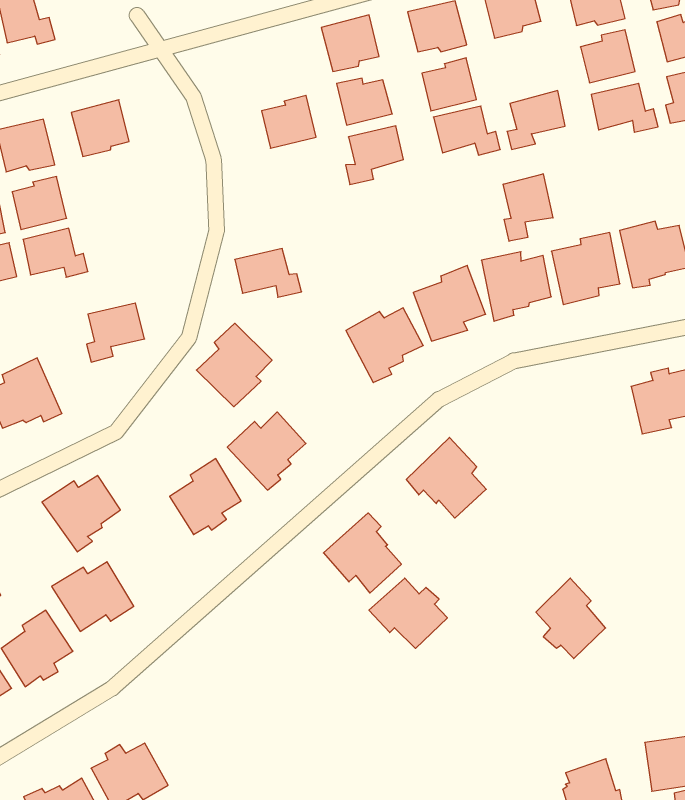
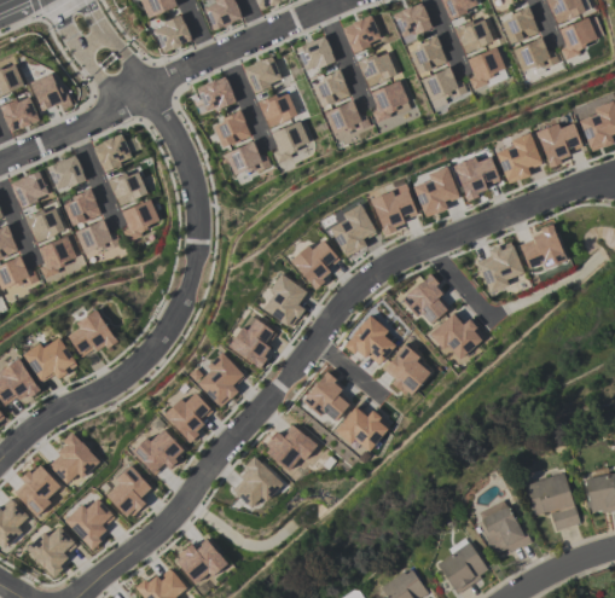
building: none -> [196,74,237,110]
building: none -> [356,53,395,86]
building: none -> [108,173,145,205]
building: [503,174,553,241] -> none
building: [235,249,302,297] -> [225,141,271,174]
building: [87,303,145,362] -> [121,199,159,242]
building: [196,323,272,407] -> [261,271,308,324]
building: none -> [401,273,451,324]
building: none -> [430,312,482,358]
building: [42,475,120,552] -> [162,390,213,441]
building: [536,578,606,659] -> [383,343,429,394]
building: none -> [262,425,313,472]
building: none -> [233,457,284,509]

